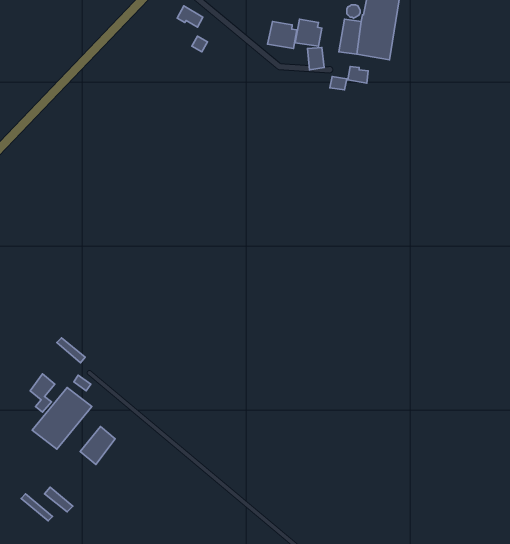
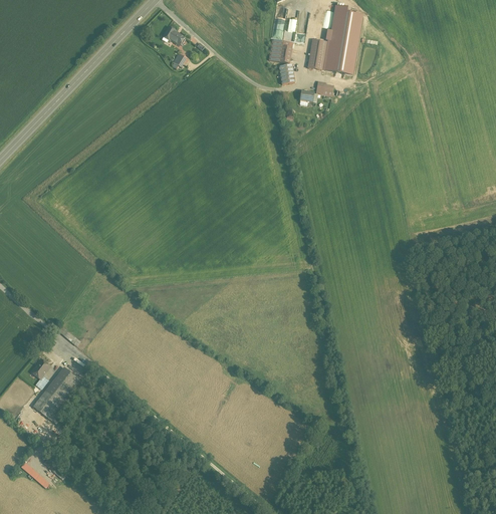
building: [268,22,297,48] -> none
building: [80,427,115,465] -> none

